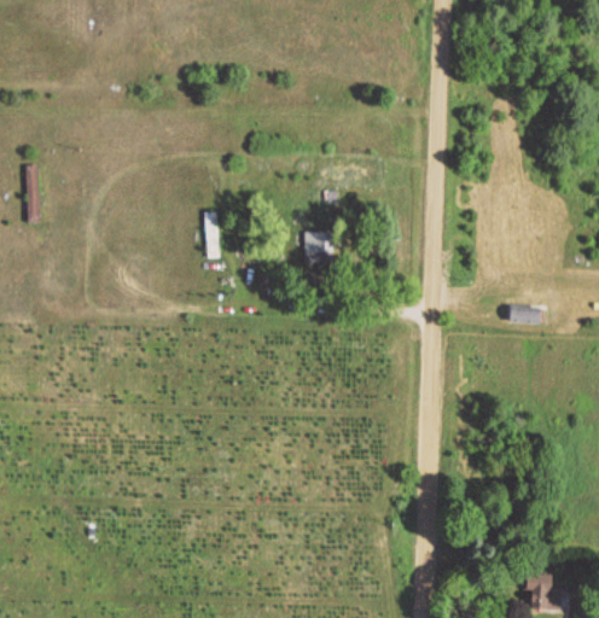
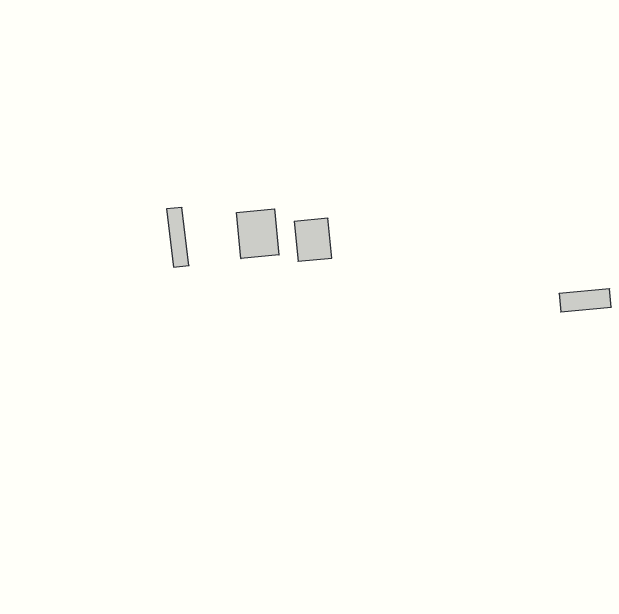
building: none -> [237,209,279,259]

